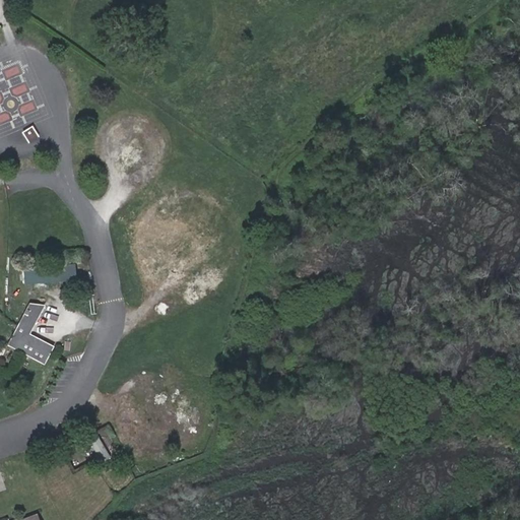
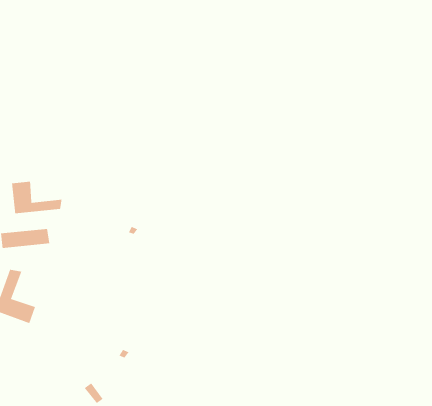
building: none -> [12,181,62,214]

